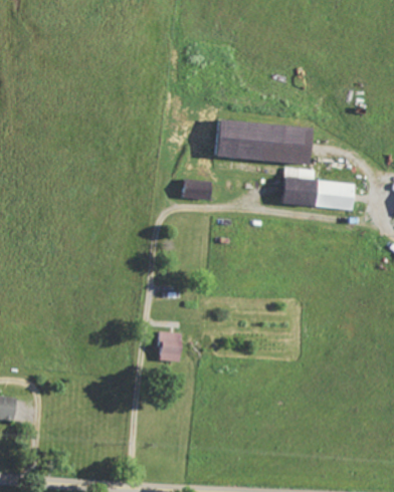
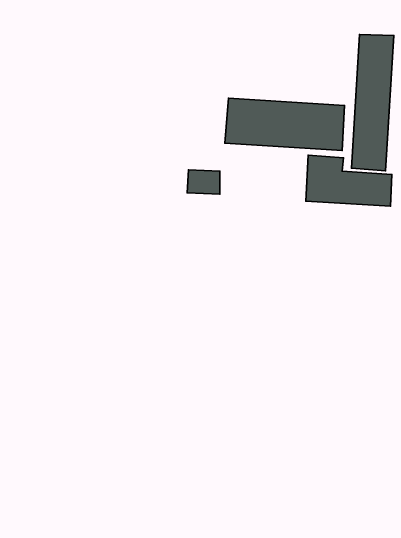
building: none -> [351,34,394,171]
building: [158,331,182,361] -> none

